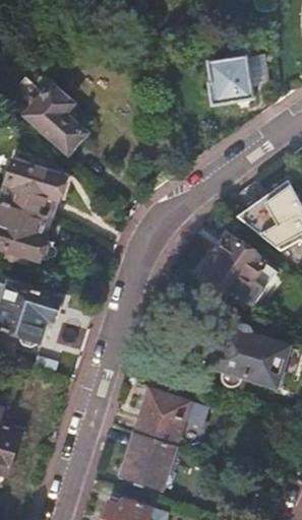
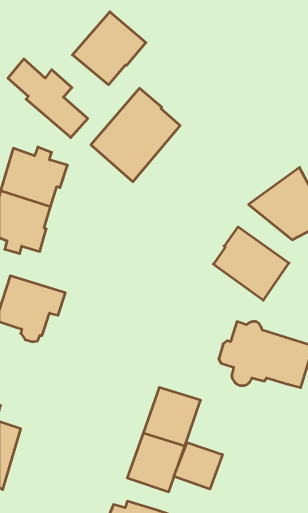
building: none -> [72,12,146,85]
building: [207,55,253,105] -> none
building: none -> [91,88,180,182]
building: none -> [174,442,222,489]

